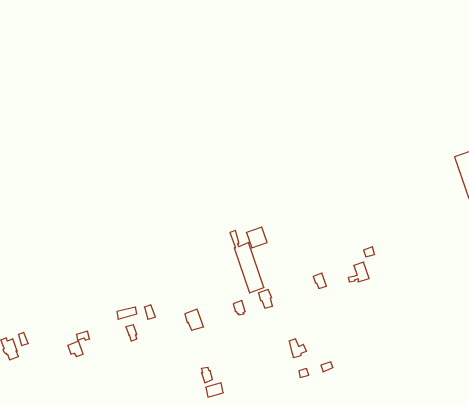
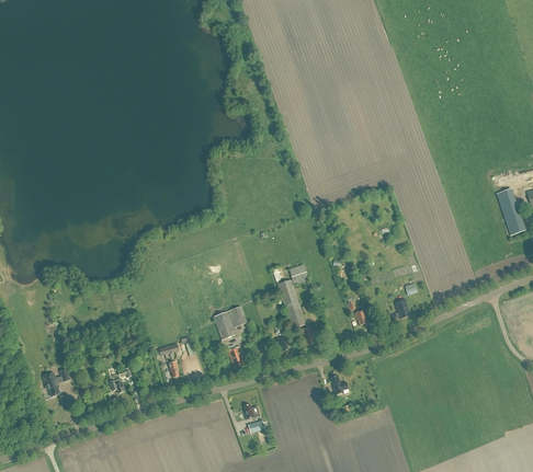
building: none -> [213,306,246,338]

